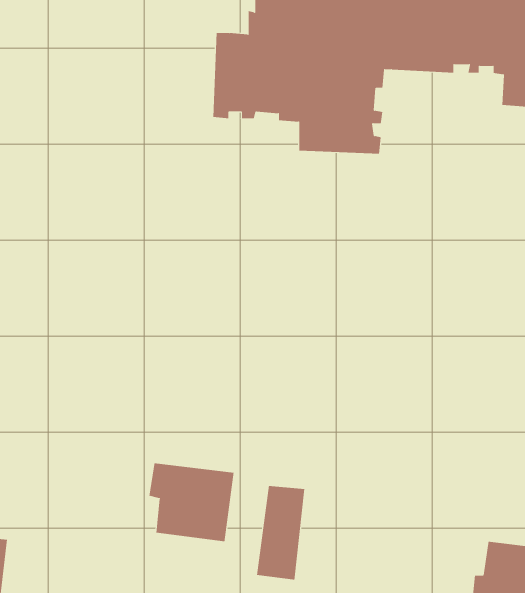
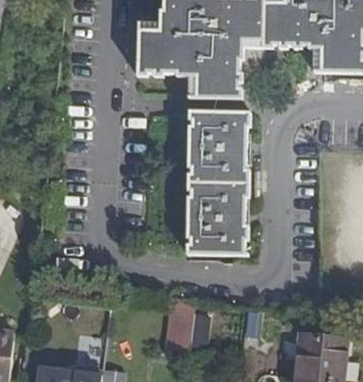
building: none -> [184,110,250,254]
building: [149,462,234,542] -> none

